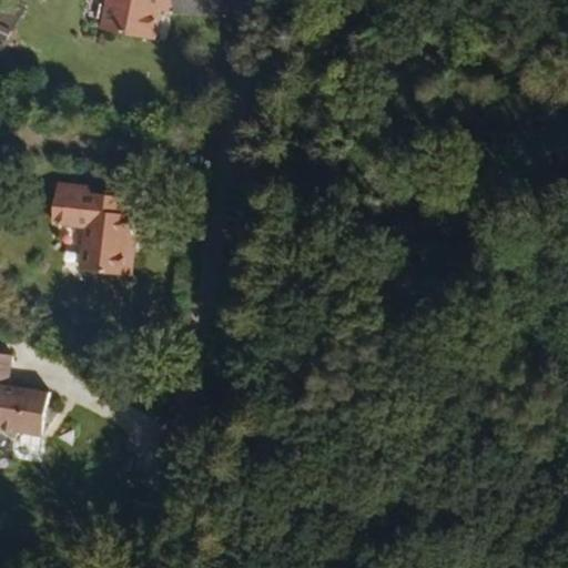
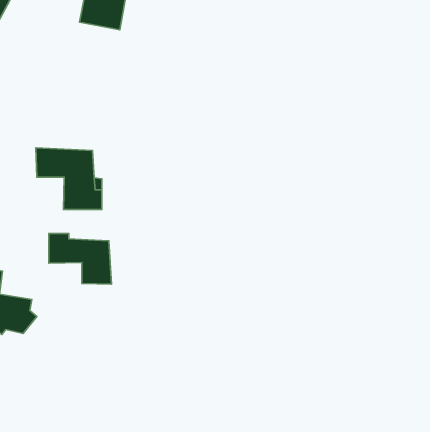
building: none -> [49,233,112,284]

